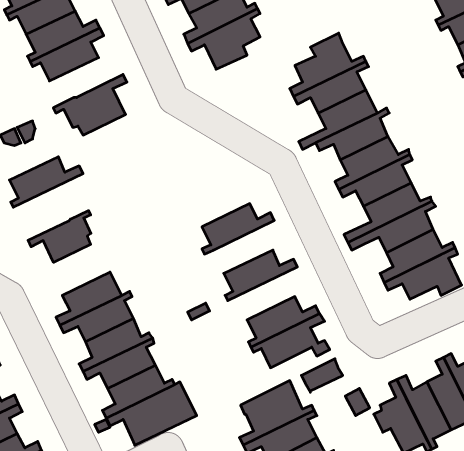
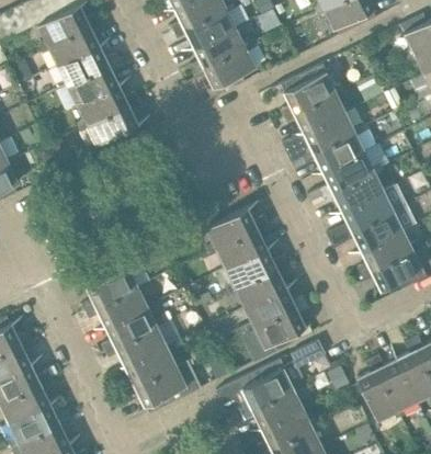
building: [9,157,83,207] -> [77,86,139,128]
building: [28,211,91,262] -> none
building: none -> [208,224,271,269]
building: none -> [228,263,291,308]

